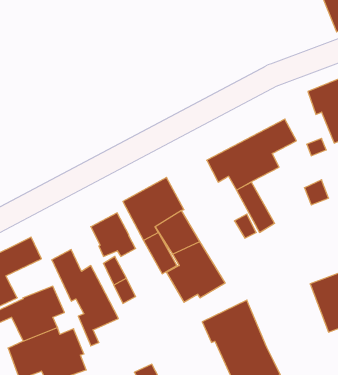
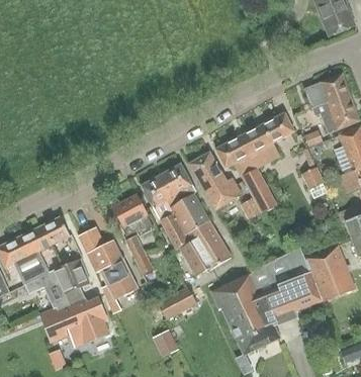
building: none -> [188,152,242,210]
building: none -> [251,247,322,325]
building: none -> [159,285,194,316]

